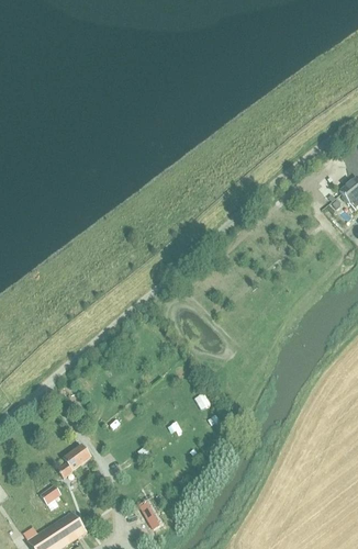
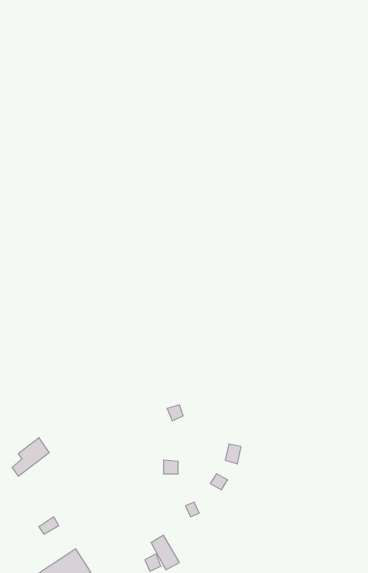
building: [57,445,90,479] -> [12,438,49,476]

